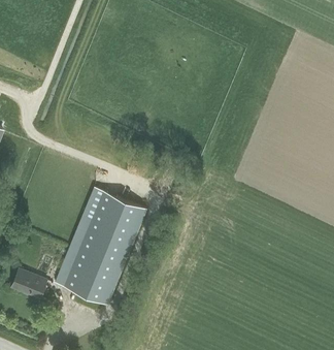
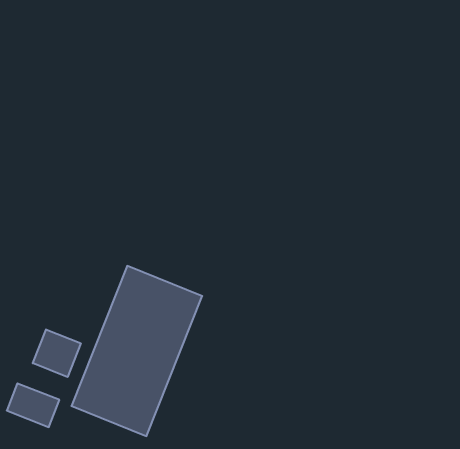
building: none -> [33,329,81,377]

